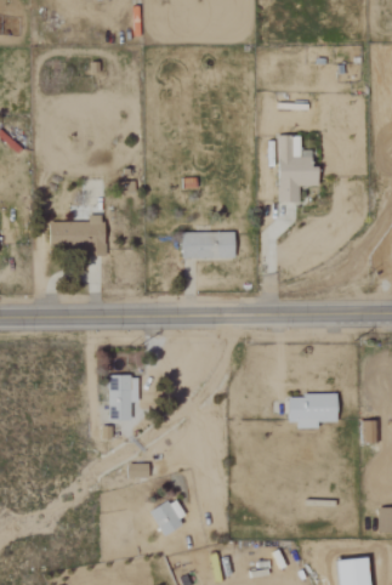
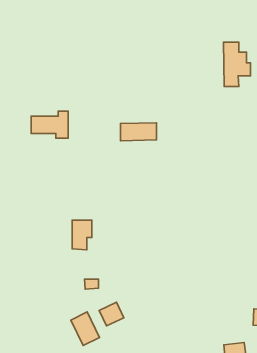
building: [278,136,318,201] -> [223,42,250,87]
building: [289,393,337,426] -> none
building: none -> [71,312,99,346]

